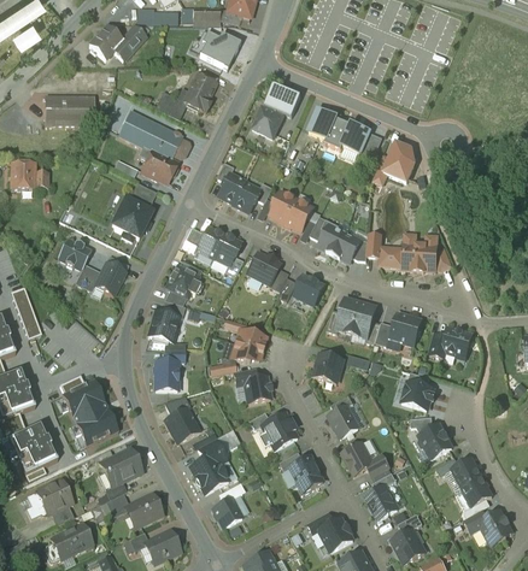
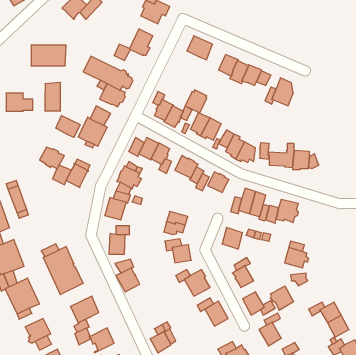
building: [252,104,282,136] -> [185,90,207,113]
building: none -> [45,82,60,111]
building: none -> [56,115,80,137]
building: [429,326,471,357] -> none
building: [418,424,451,458] -> [270,286,294,310]
building: [189,438,227,493] -> none

